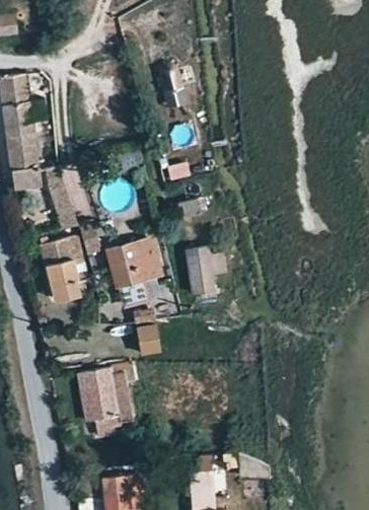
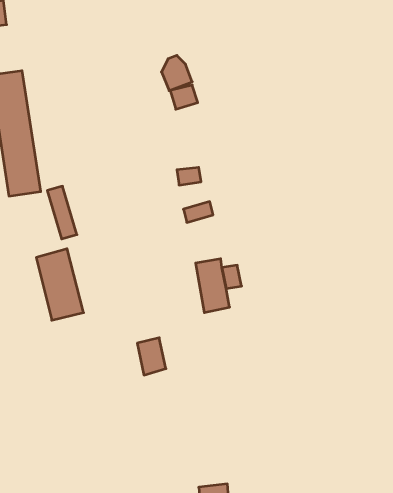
building: [108,237,168,291] -> none
building: [75,359,132,435] -> none

